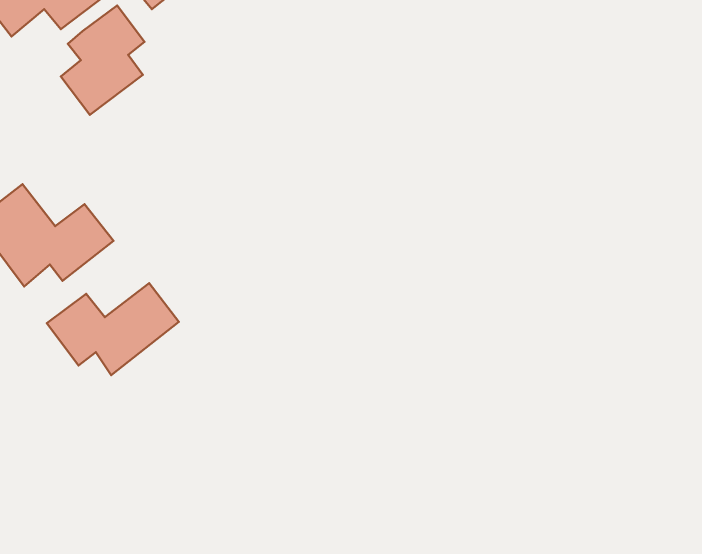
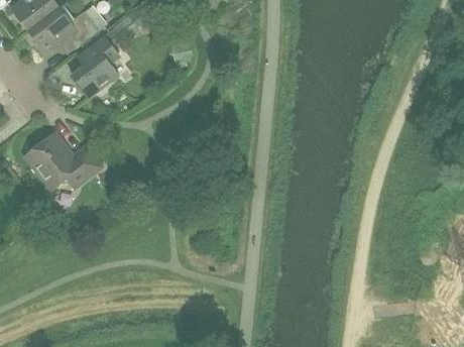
building: [47,283,179,375] -> none

